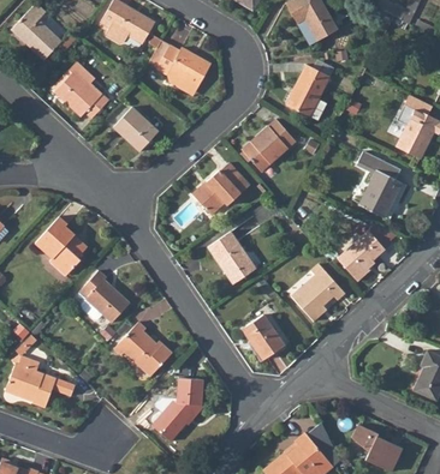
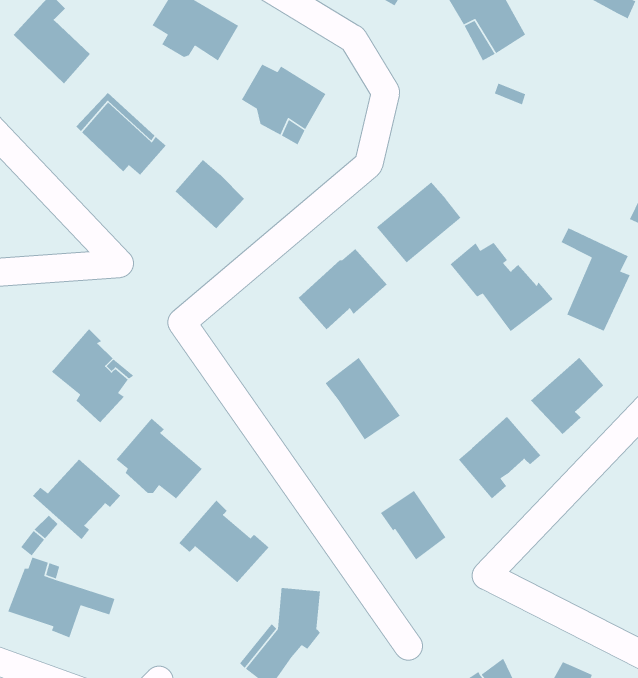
building: [285,65,328,121] -> none
building: none -> [449,242,554,332]
building: none -> [32,458,121,540]

